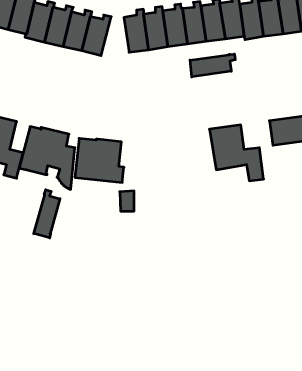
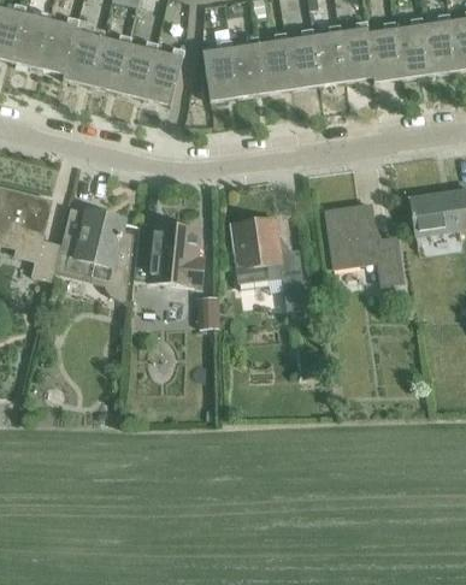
building: [190,54,235,77] -> none
building: none -> [231,217,312,307]
building: [34,190,60,238] -> none

